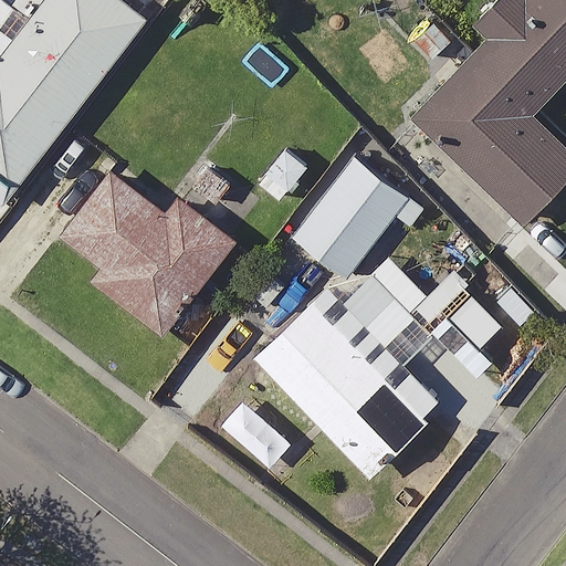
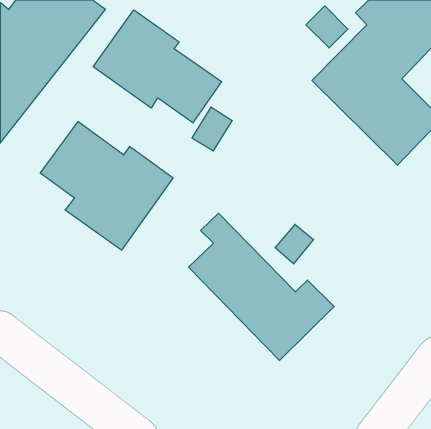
building: none -> [93,10,222,123]
building: [293,159,408,281] -> none

